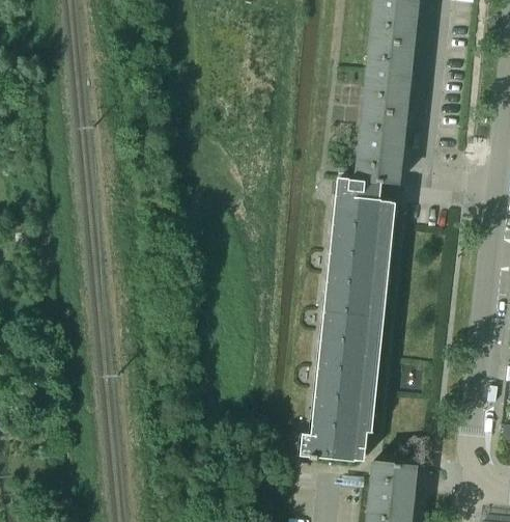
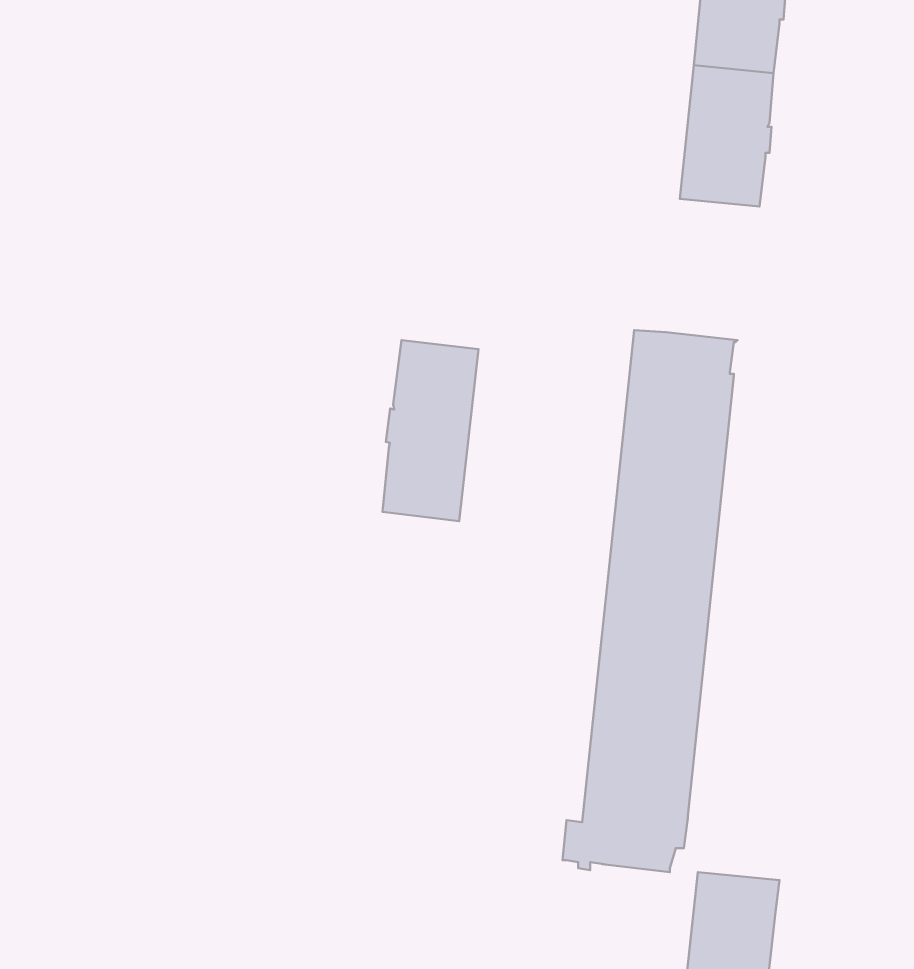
building: [357,111,405,185] -> none
building: none -> [382,340,478,521]

